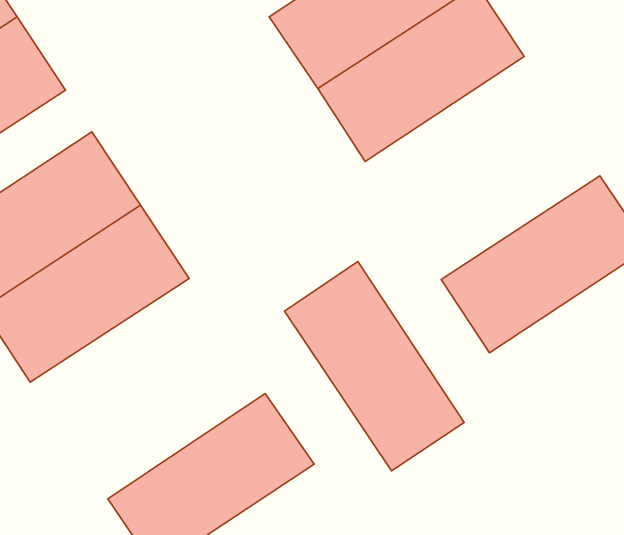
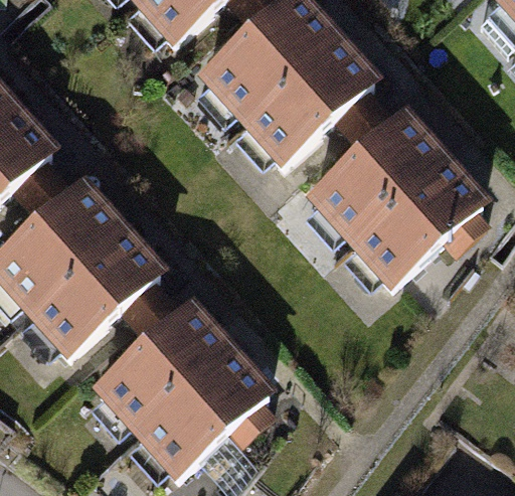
building: none -> [305,106,449,243]
building: [285,261,464,471] -> none
building: none -> [89,297,232,435]

